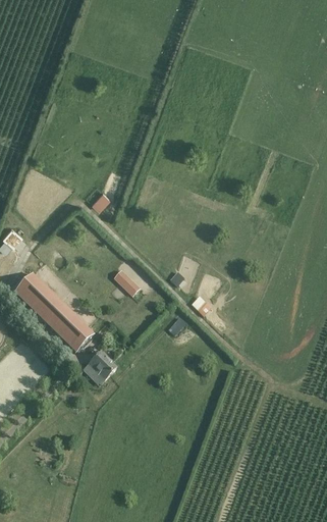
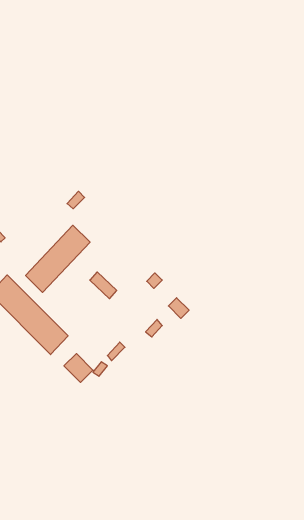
building: none -> [26,225,90,292]

